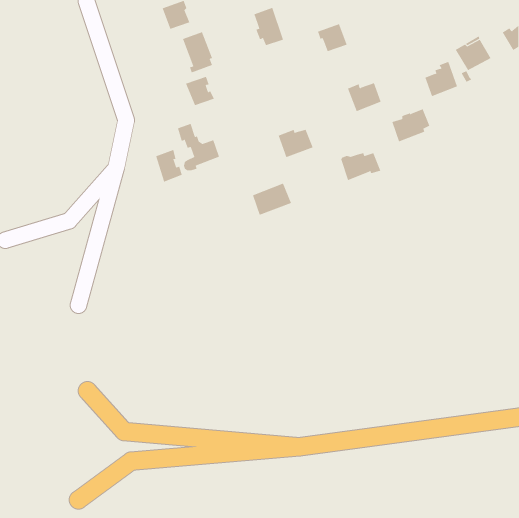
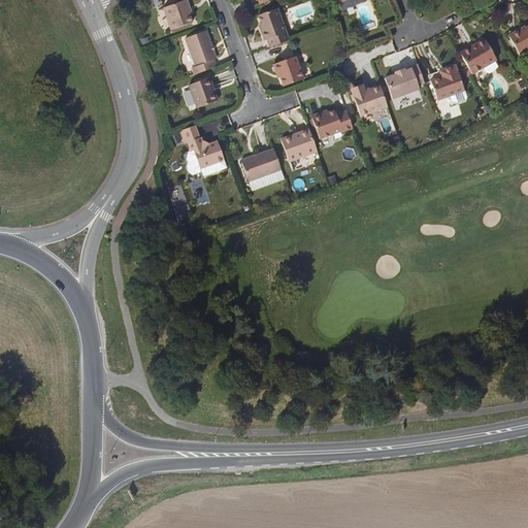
building: [317,24,348,52] -> [273,56,304,85]
building: [391,109,430,142] -> [386,63,425,97]
building: [155,149,183,182] -> none
building: [340,152,381,181] -> [312,110,354,139]
building: [252,183,292,215] -> [241,147,282,180]

